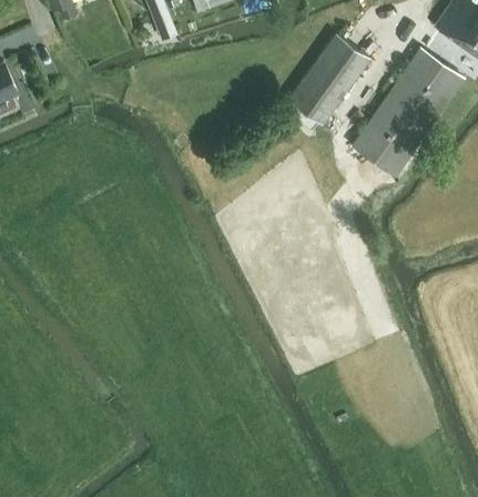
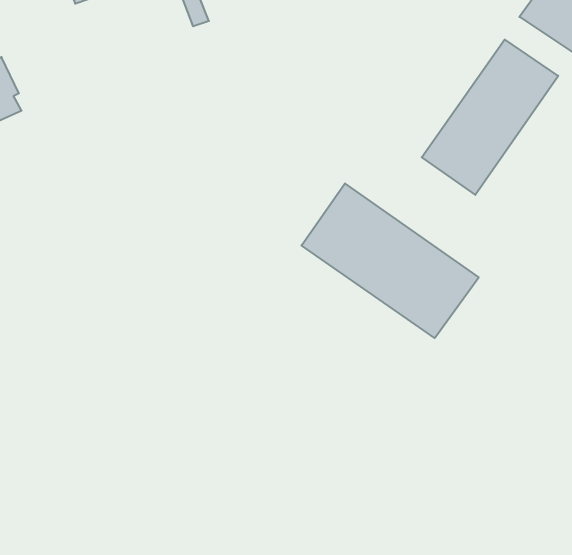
building: [288,34,370,125] -> none
building: none -> [301,183,479,338]

